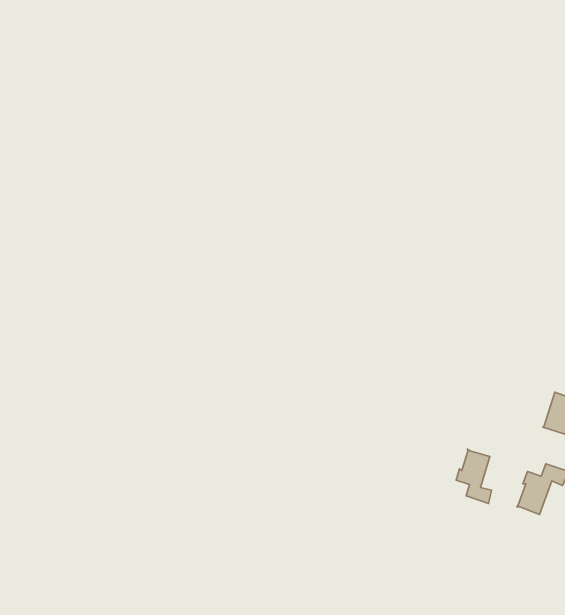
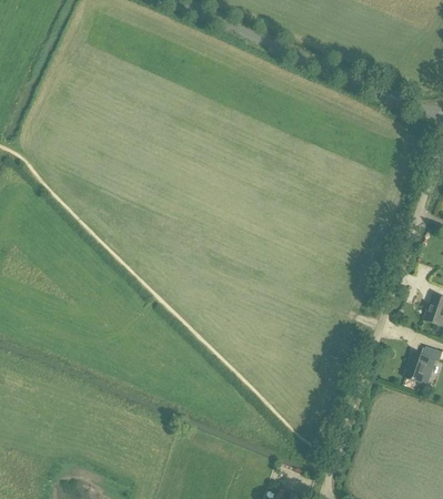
building: [456,449,491,503] -> none

